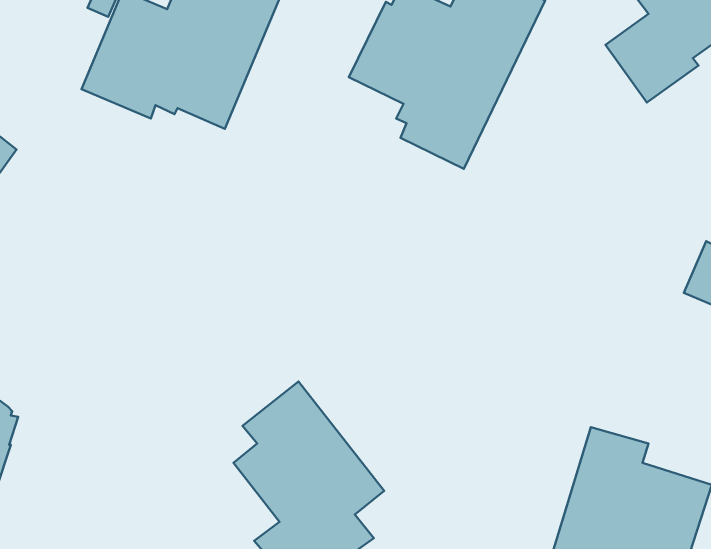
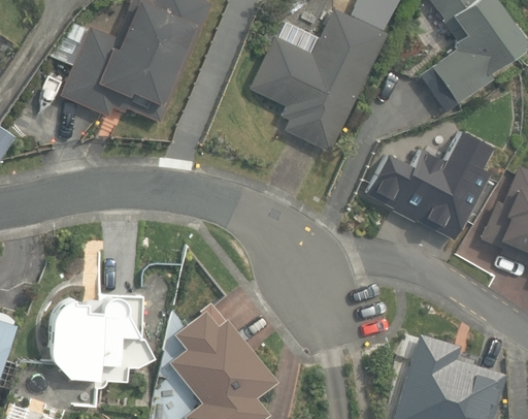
building: none -> [365,130,492,239]
building: none -> [51,293,152,388]

